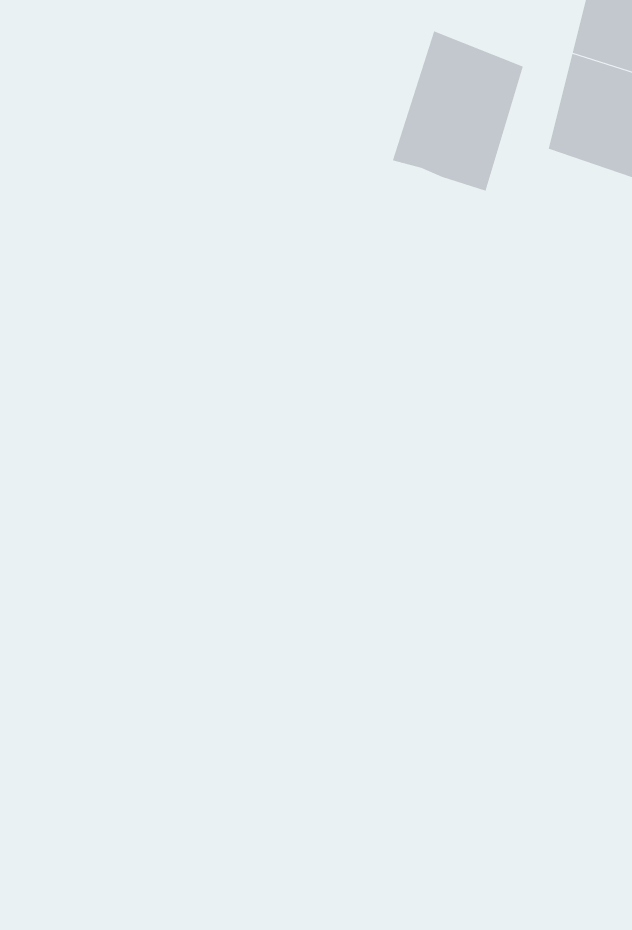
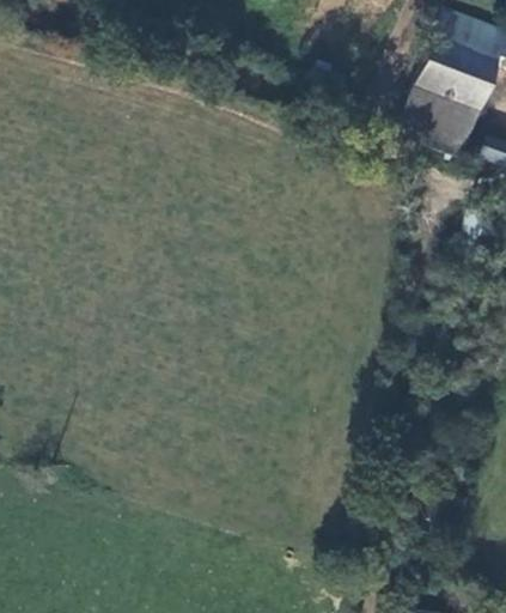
building: [392,30,523,191] -> none

